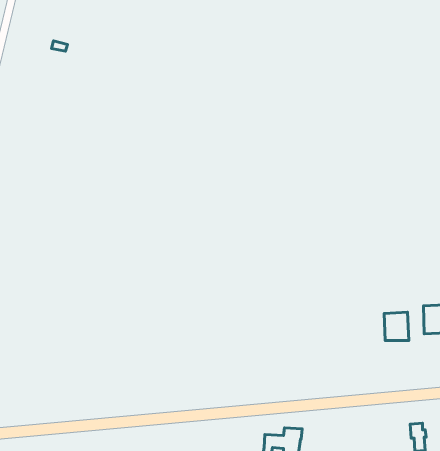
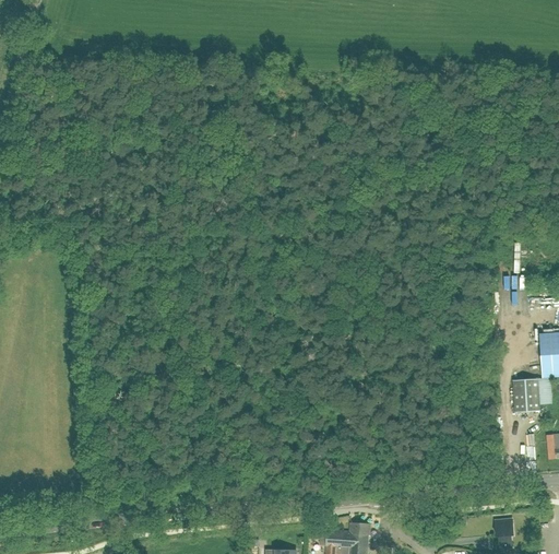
building: [384,312,409,340] -> none

